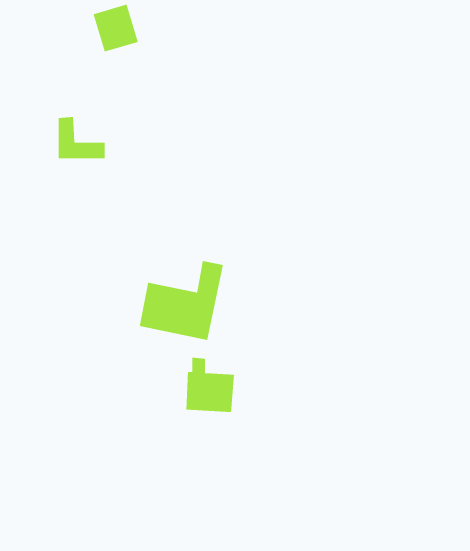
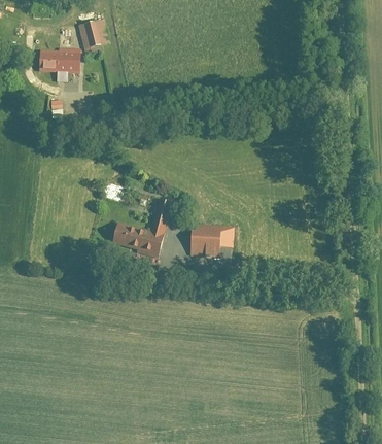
building: none -> [41,46,77,70]
building: [186,357,235,413] -> [192,217,227,258]

